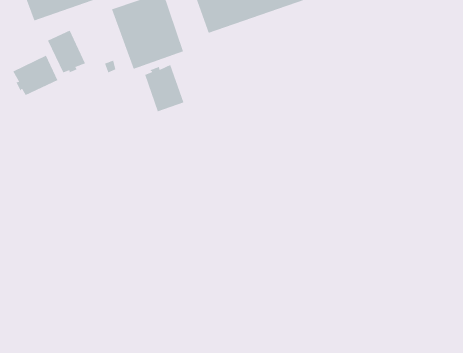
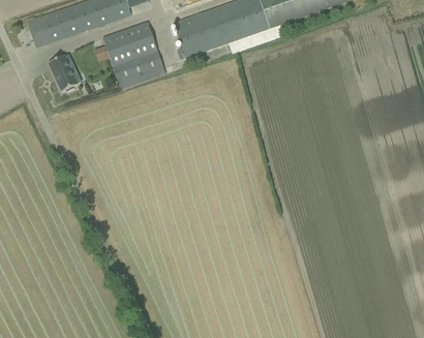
building: [13,55,58,96] -> none
building: [145,64,184,112] -> none

